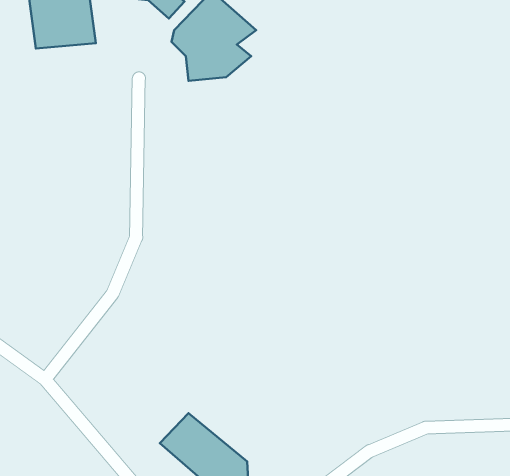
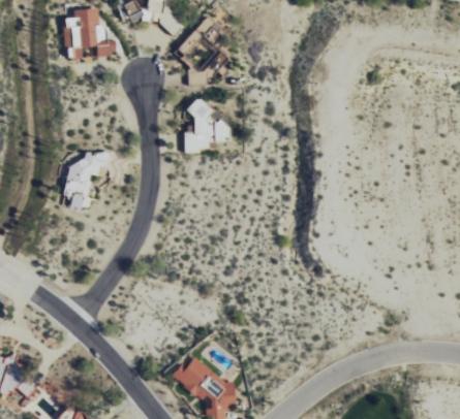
building: none -> [182,96,231,156]
building: none -> [62,150,104,204]

